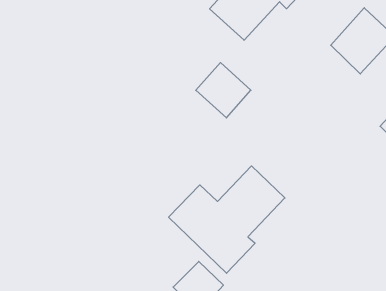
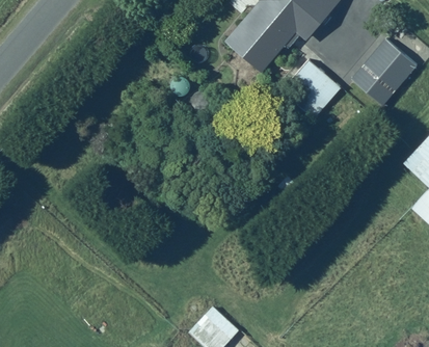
building: [196,63,251,118] -> [284,58,342,116]
building: [169,166,285,273] -> none

